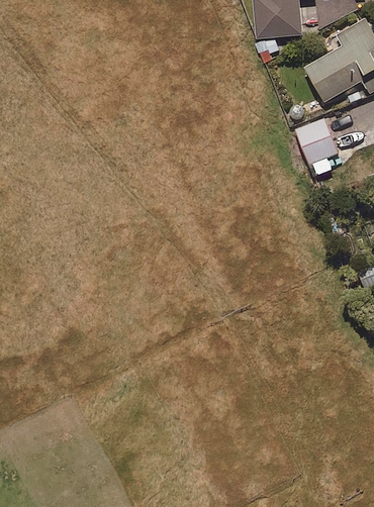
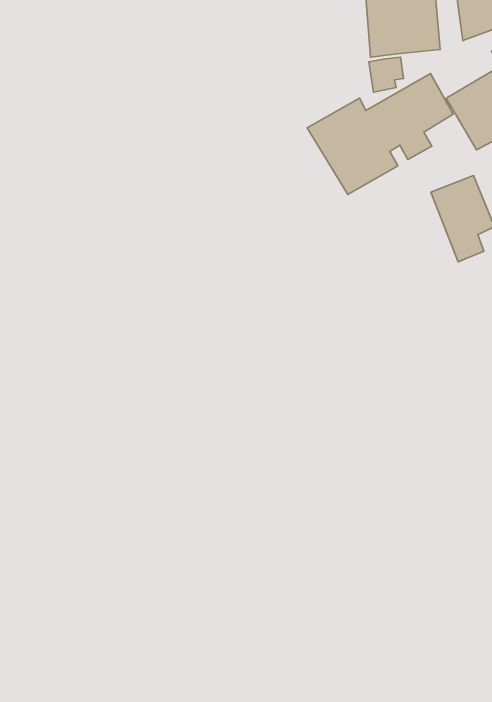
building: none -> [307,74,453,195]

